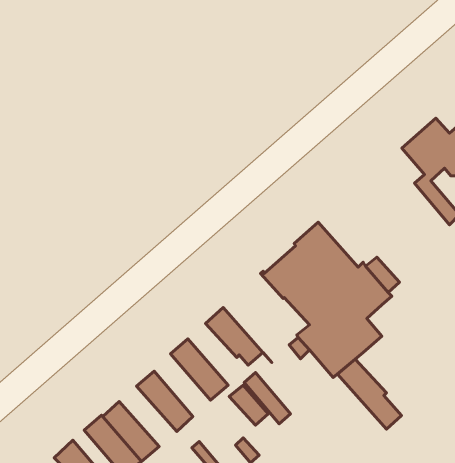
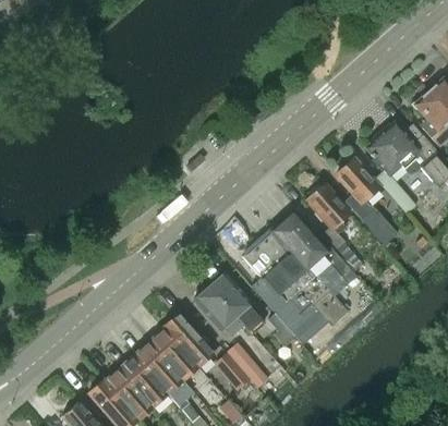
building: none -> [336,159,396,245]
building: none -> [306,185,349,234]
building: none -> [148,327,197,381]
building: [338,359,401,429] -> [208,273,264,334]
building: none -> [118,355,168,407]

